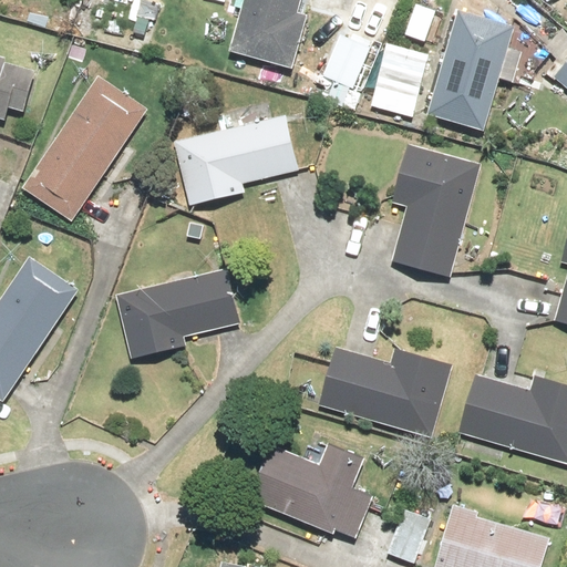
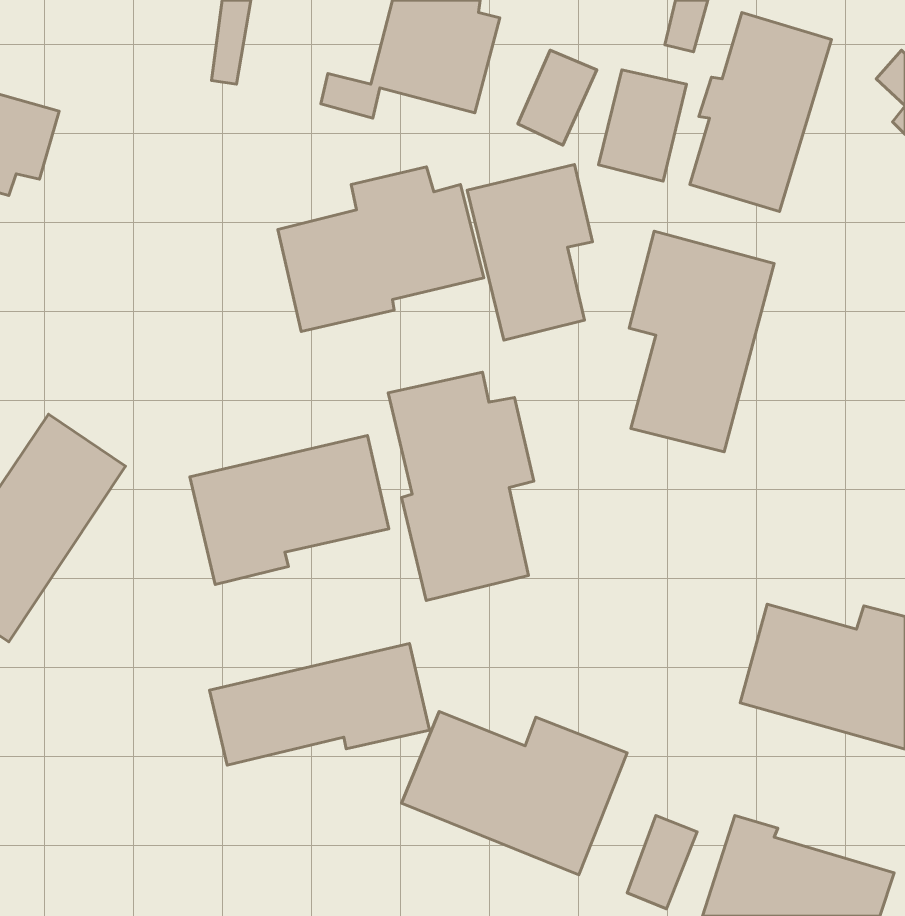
building: [21,75,147,221] -> none
building: none -> [467,164,593,340]
building: none -> [388,372,534,601]
building: [317,346,453,436] -> none
building: none -> [210,644,429,765]

